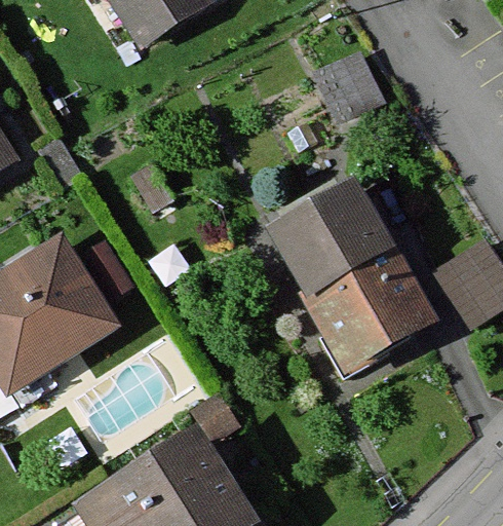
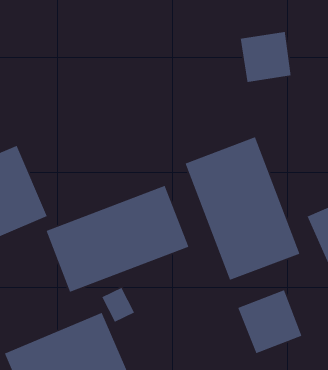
building: none -> [45,185,189,293]
building: none -> [237,289,303,354]

